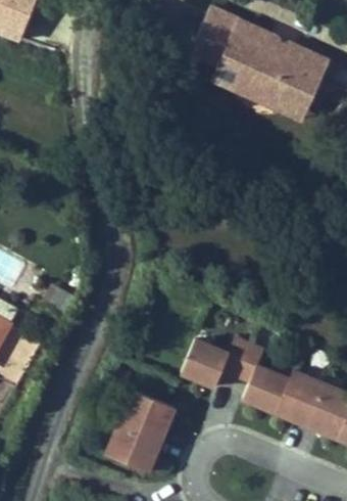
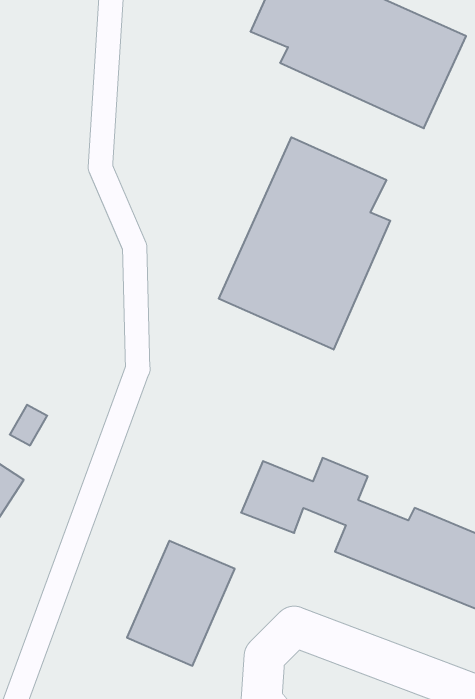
building: none -> [219,137,390,350]

